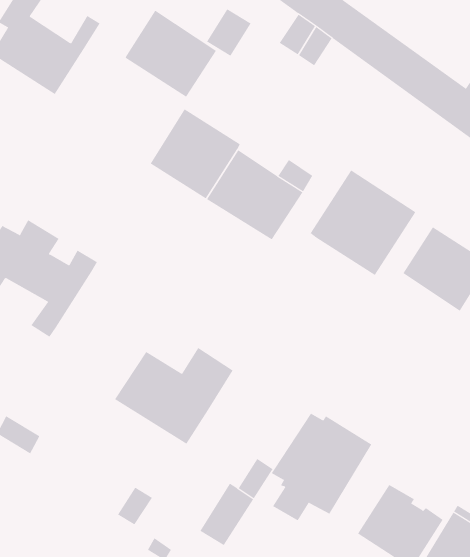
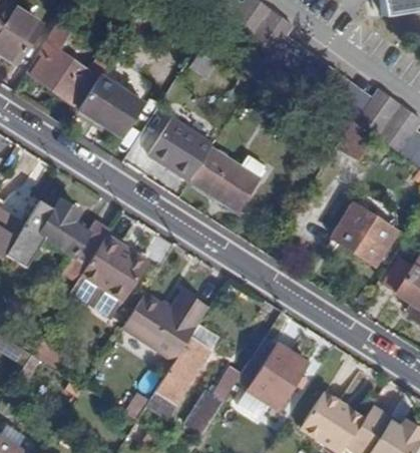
building: [125,10,217,97] -> [78,73,145,137]
building: [310,169,416,276] -> none
building: none -> [70,236,147,321]
building: none -> [155,337,214,407]

